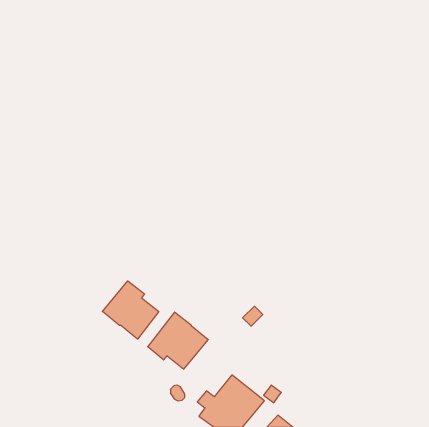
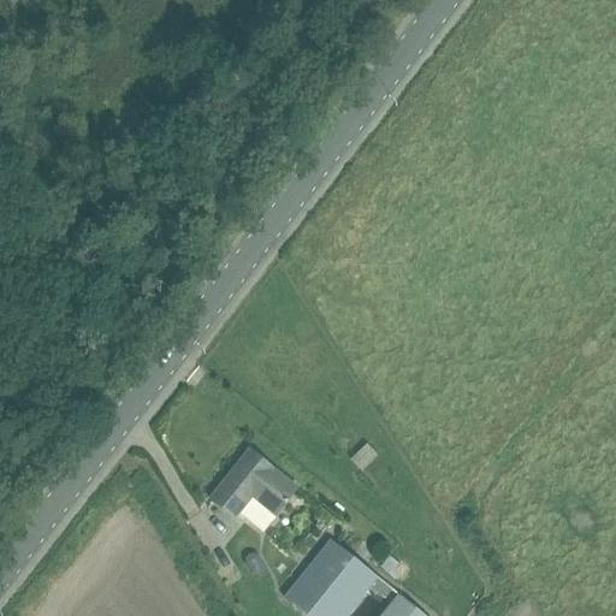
building: [102,281,159,339] -> none

